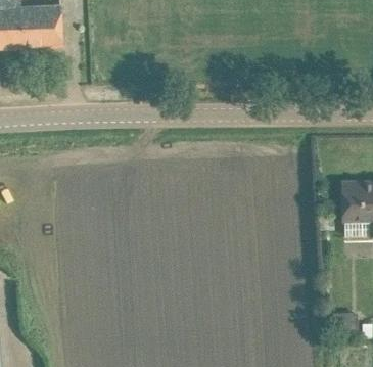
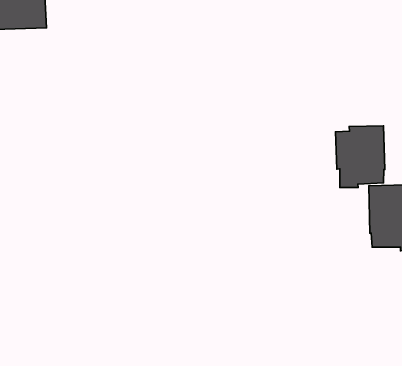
building: none -> [336,126,385,188]

